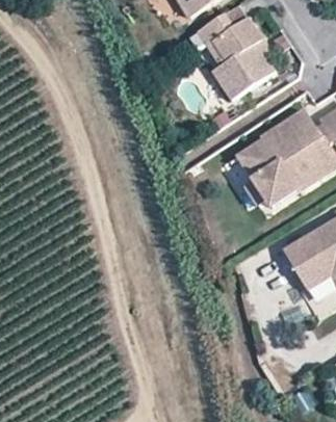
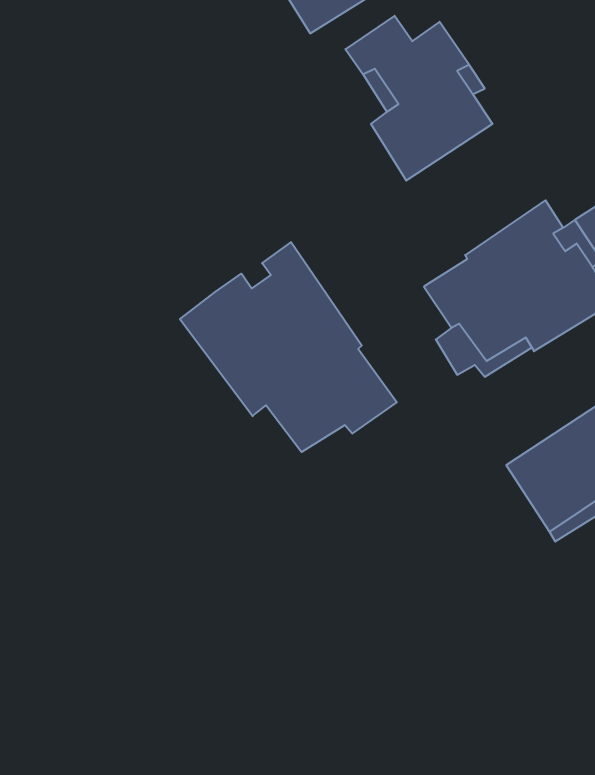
building: none -> [180,242,397,452]

